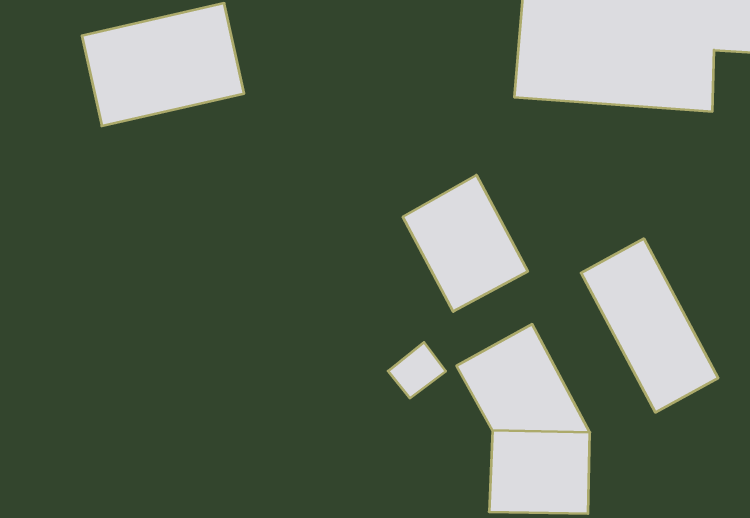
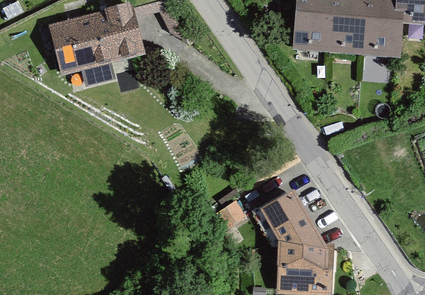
building: [403,175,528,312] -> none
building: [581,239,718,412] -> none

